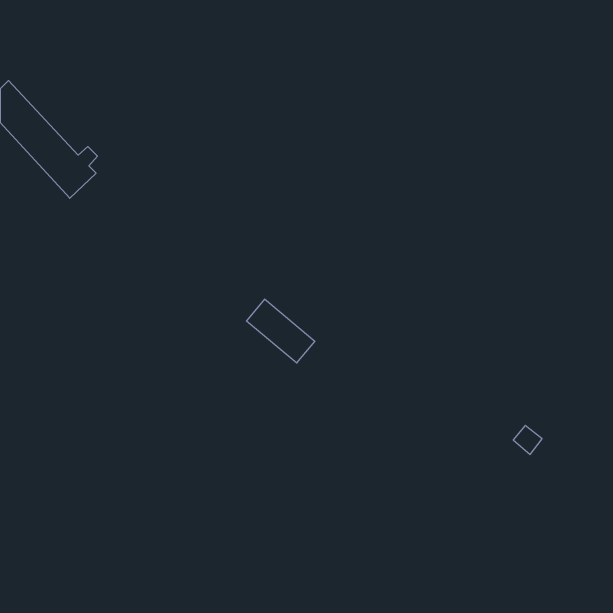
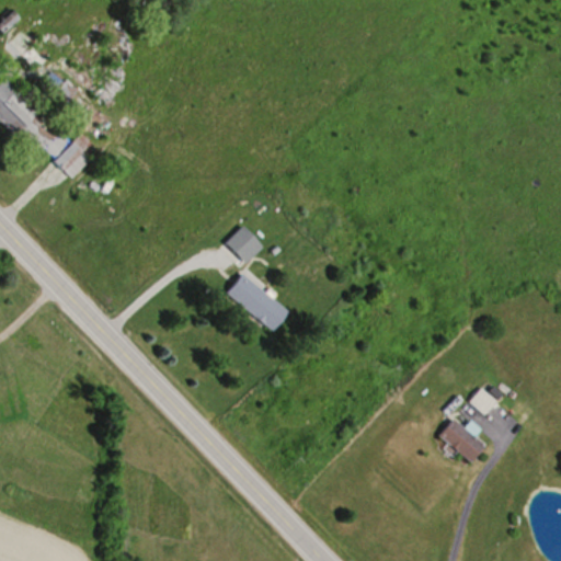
building: none -> [221,227,263,268]
building: none -> [438,419,485,463]

